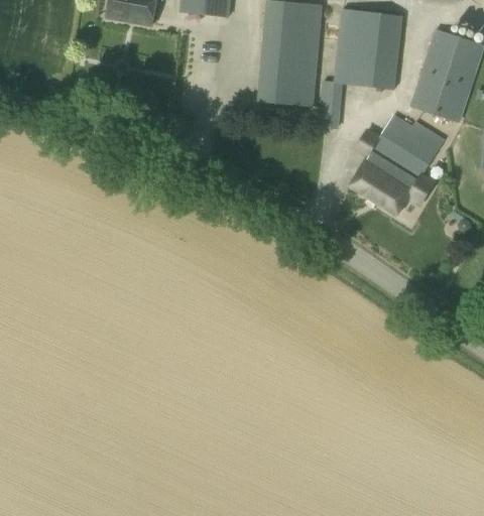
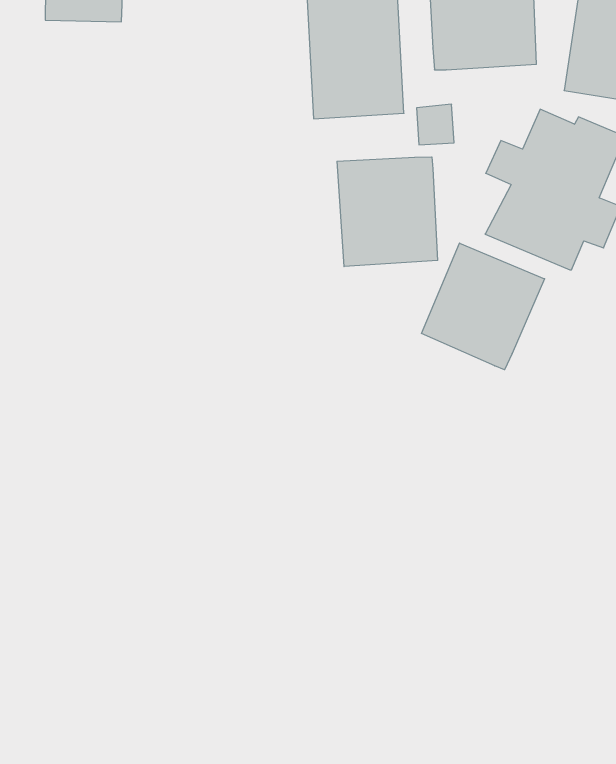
building: none -> [337,157,438,267]
building: none -> [421,243,545,370]

